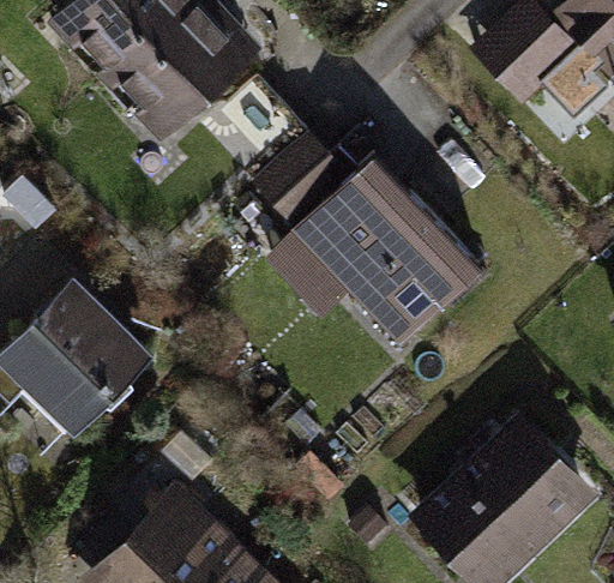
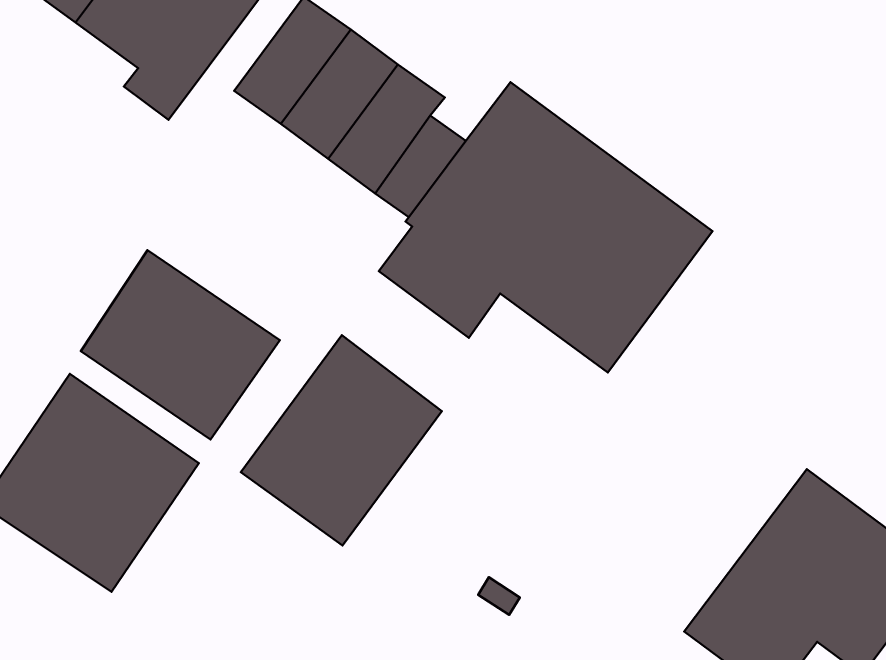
building: none -> [81,250,280,439]
building: none -> [241,335,442,546]

